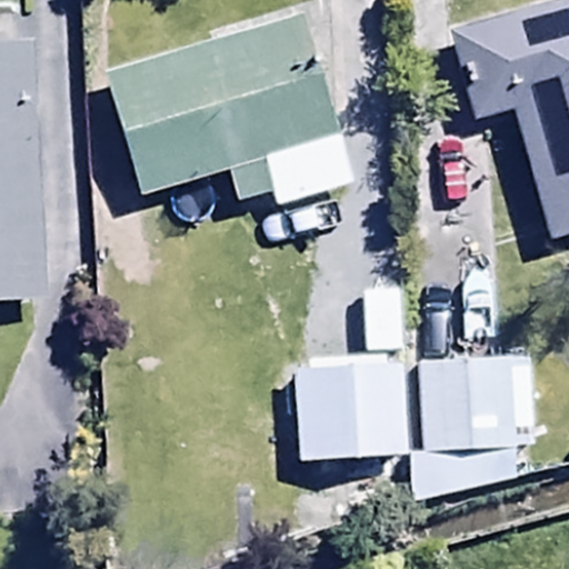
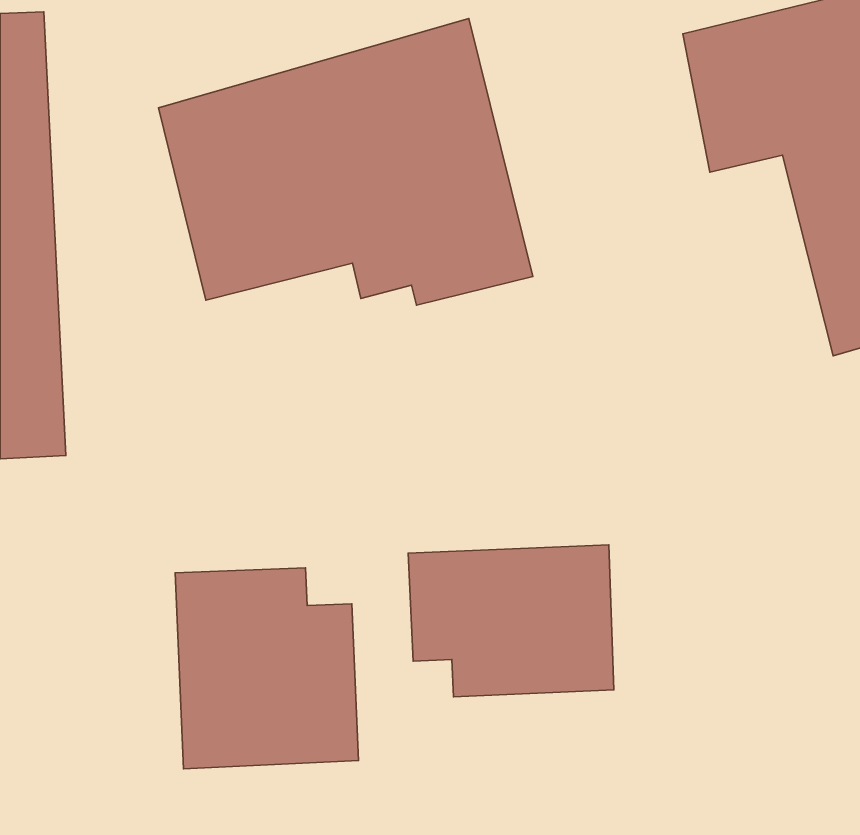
building: [409,353,533,486] -> none
building: none -> [175,568,359,769]

